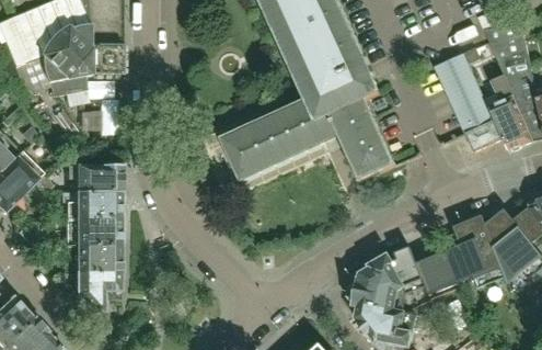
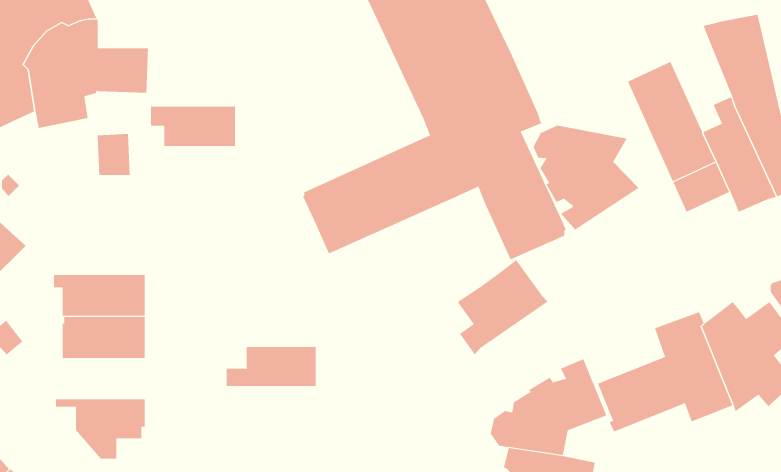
building: none -> [533,125,640,230]
building: [66,165,122,191] -> [150,106,236,146]
building: none -> [458,259,549,355]
building: [62,246,122,272] -> [226,346,316,387]

